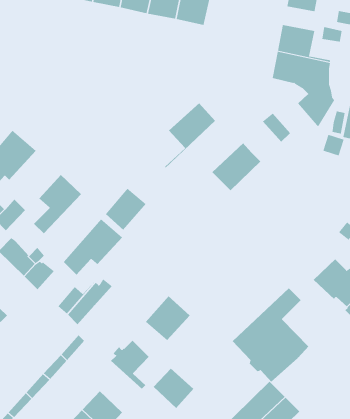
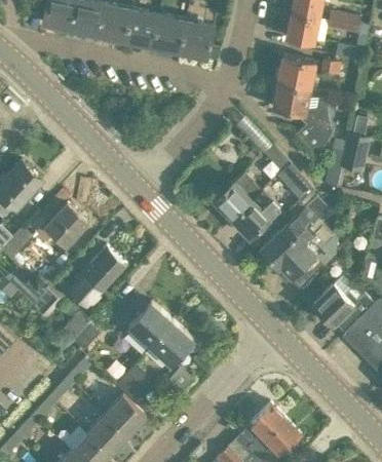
building: [165,102,216,168] -> none
building: none -> [277,162,313,198]
building: none -> [232,190,279,237]
building: [105,188,146,230] -> none
building: none -> [128,302,171,346]
building: [232,287,309,382] -> [260,197,335,290]
building: [153,368,194,409] -> [105,394,145,434]

